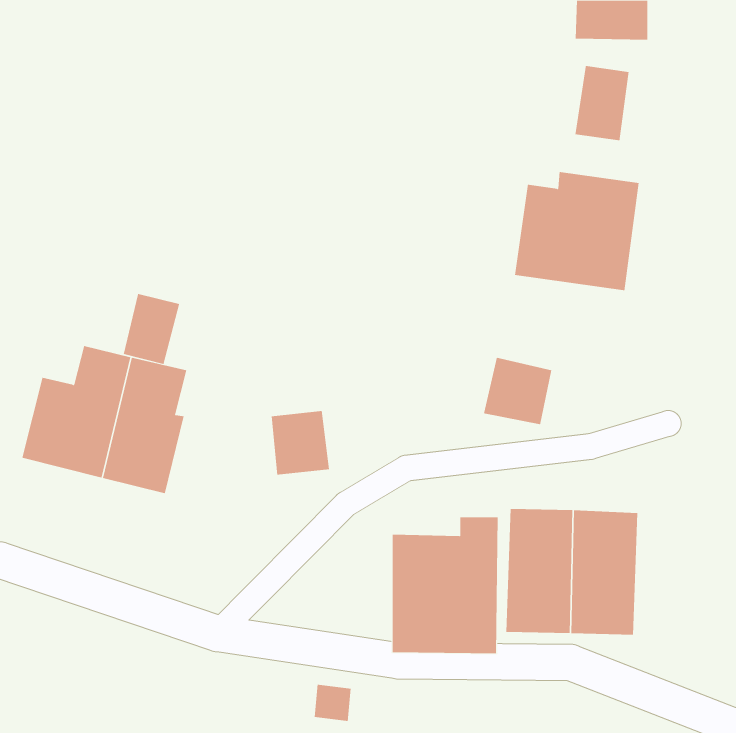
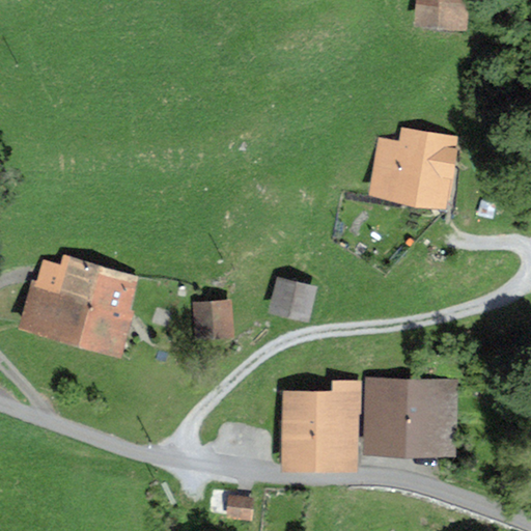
building: [575,65,629,141] -> none
building: [123,293,180,365] -> none
building: [483,357,552,425] -> [267,275,316,324]

